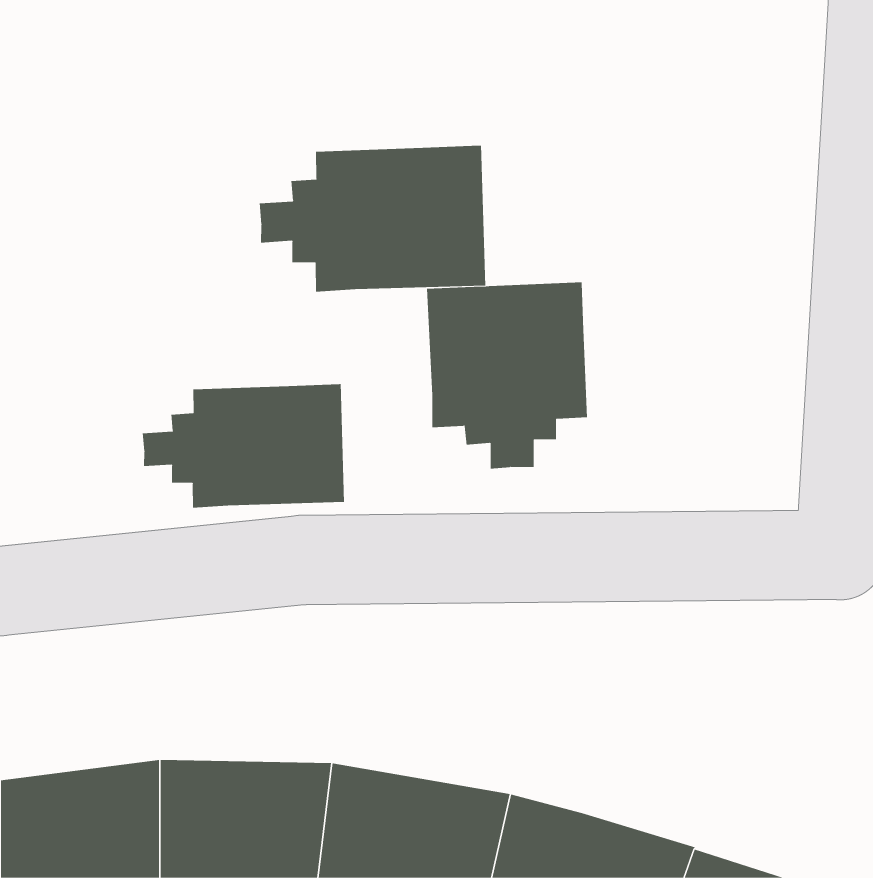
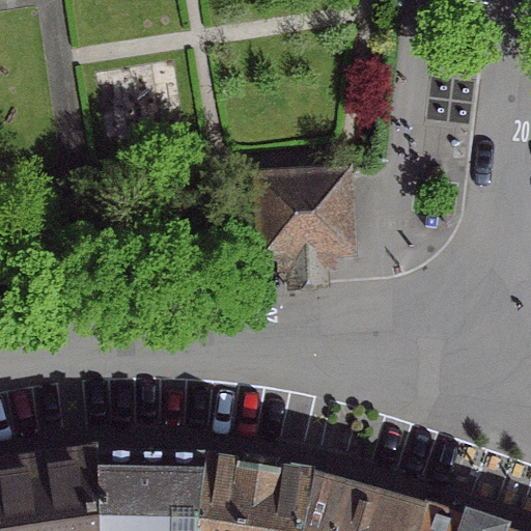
building: [259,145,486,293] -> none
building: [142,383,345,509] -> none

